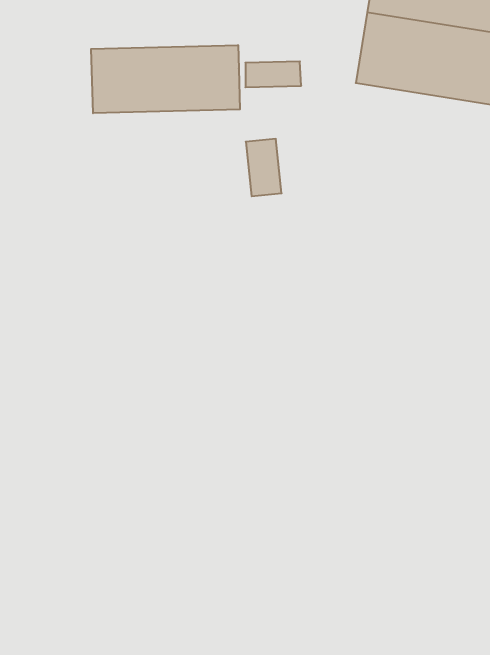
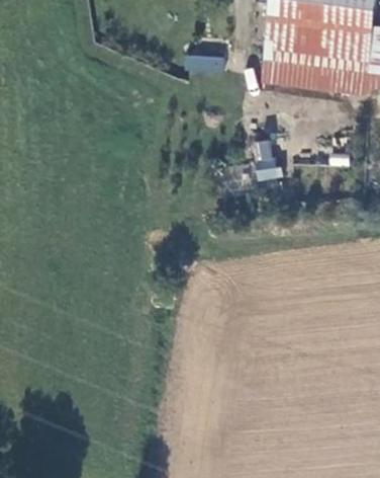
building: [91,45,240,113] -> none
building: [246,139,282,196] -> [251,139,276,179]

